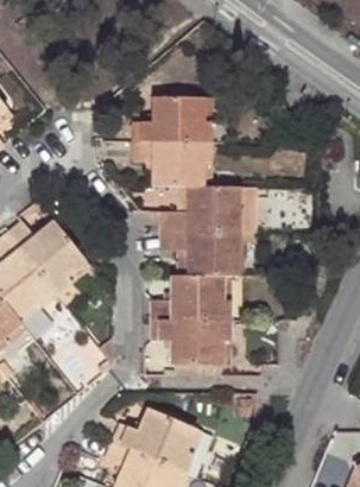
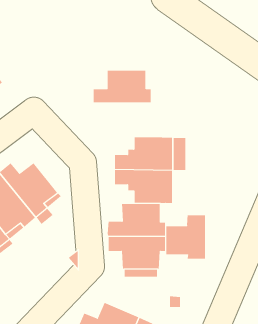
building: [132,143,210,188] -> none
building: none -> [166,214,205,259]

